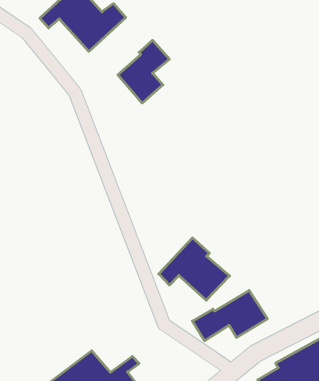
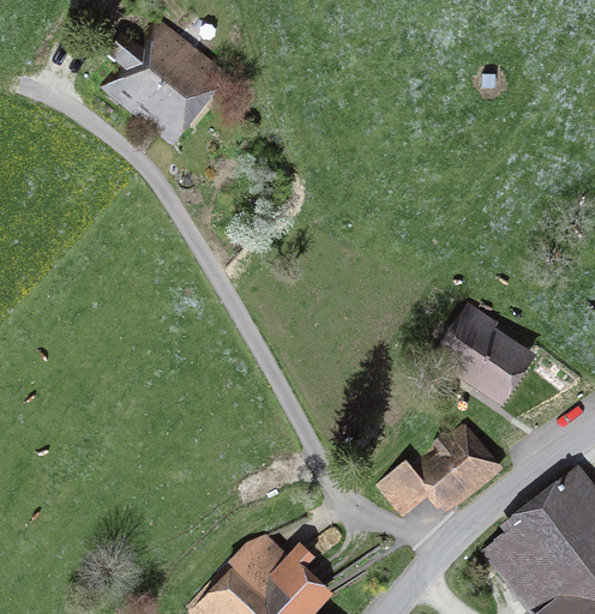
building: [118,40,169,103] -> none
building: [159,238,230,300] -> [432,308,533,393]

